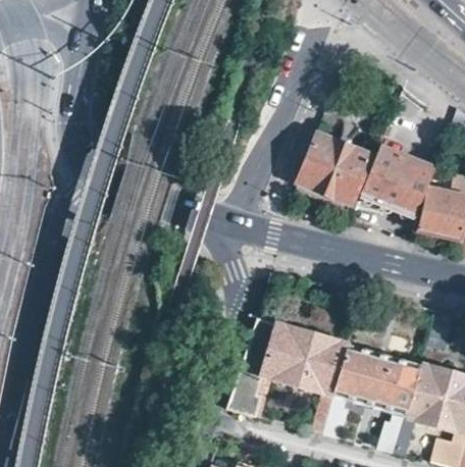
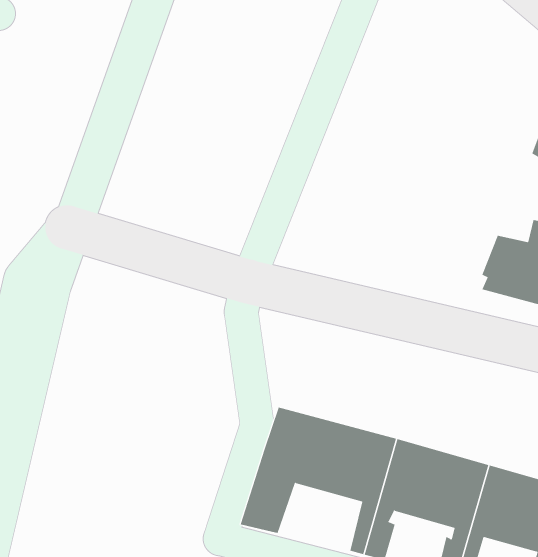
building: [296,132,372,202] -> none
building: [362,145,436,216] -> none

